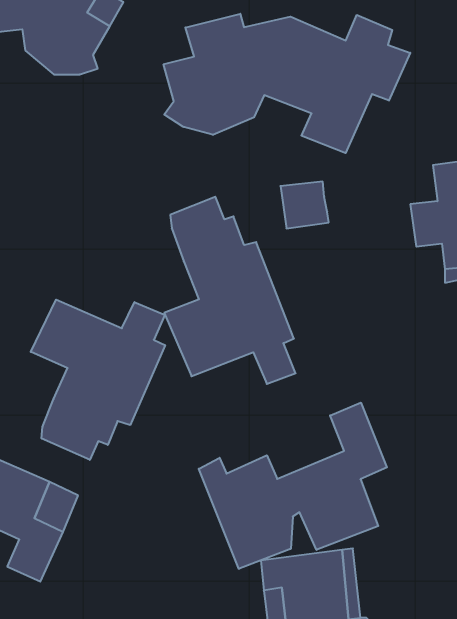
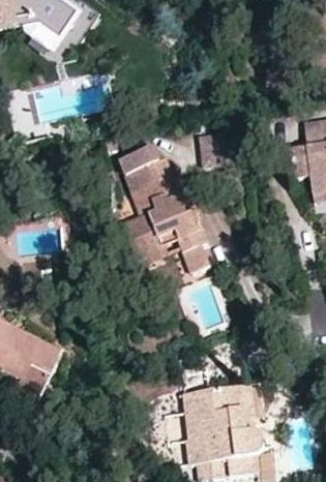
building: [164,14,410,153] -> none
building: [31,300,165,460] -> none
building: [199,403,387,569] -> none

